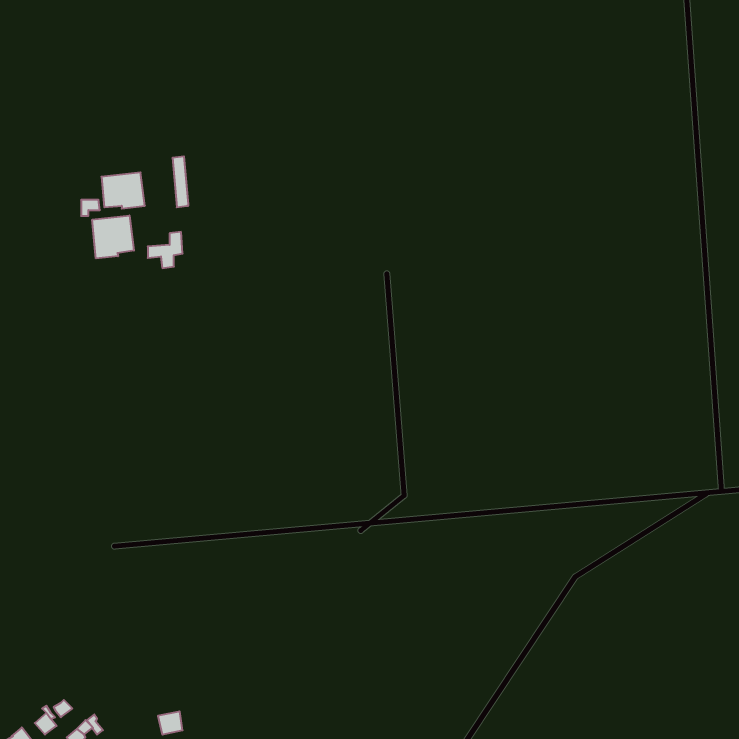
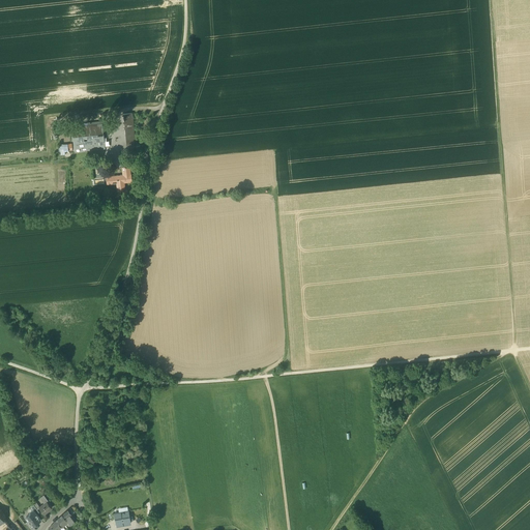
building: [92,215,134,258] -> none

